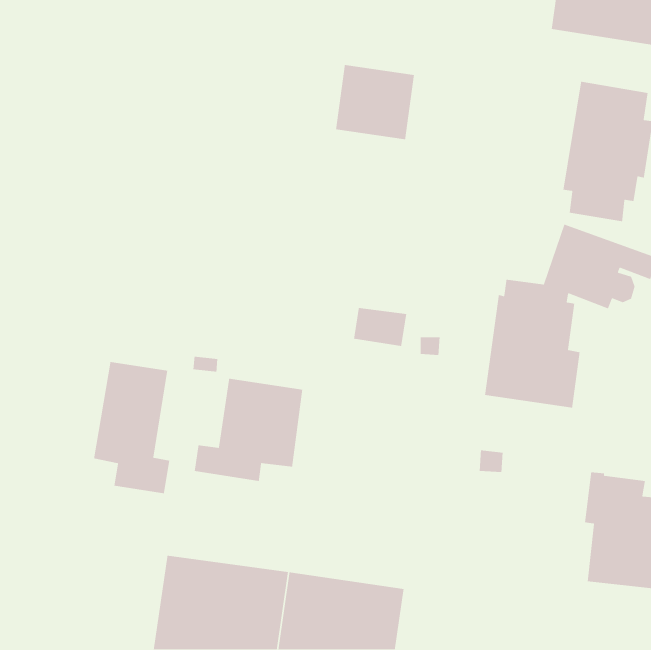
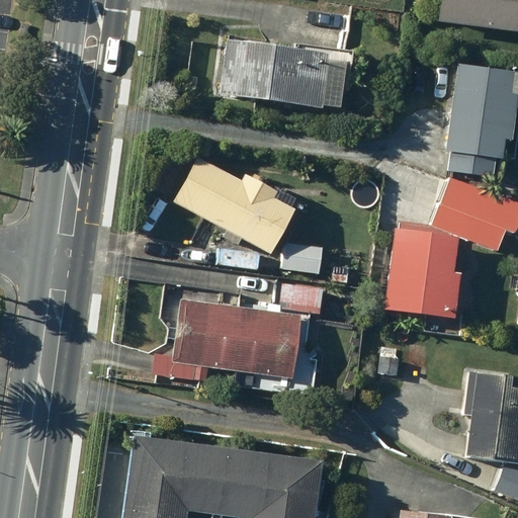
building: none -> [220,45,275,102]
building: none -> [175,158,297,255]
building: none -> [235,281,326,377]
building: [93,361,170,494] -> none

